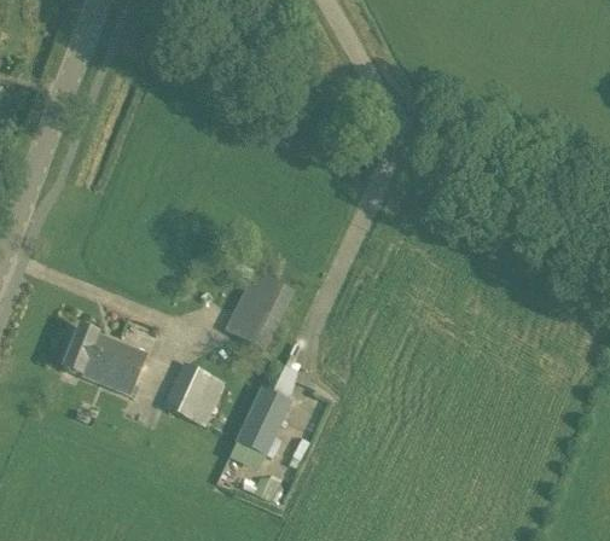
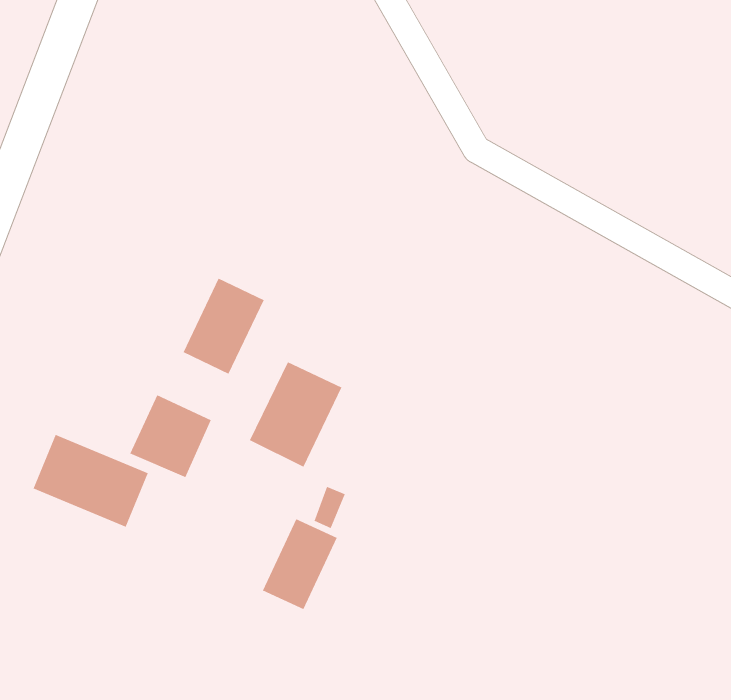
building: none -> [182,278,265,375]
building: [163,362,225,425] -> [129,394,212,478]

